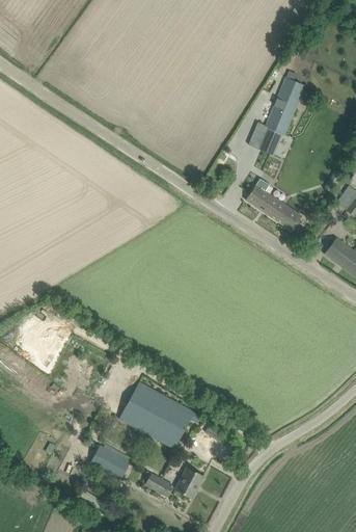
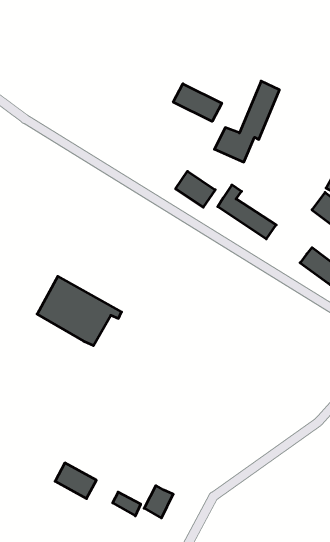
building: none -> [173,84,222,121]
building: none -> [176,171,215,207]
building: [119,380,200,447] -> [37,276,122,346]

